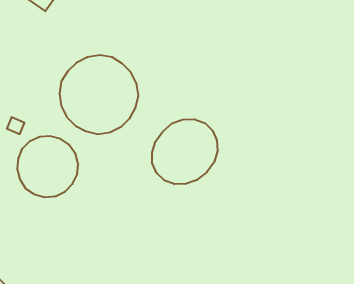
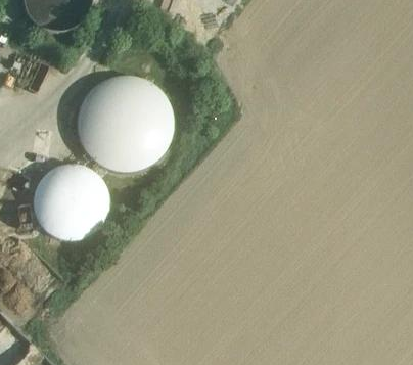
building: [152,119,217,184] -> none

